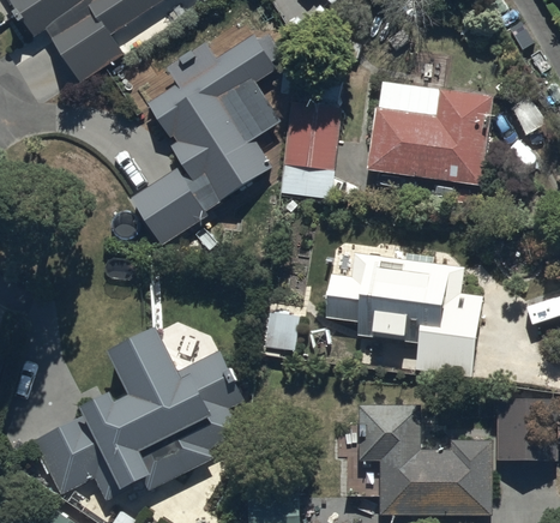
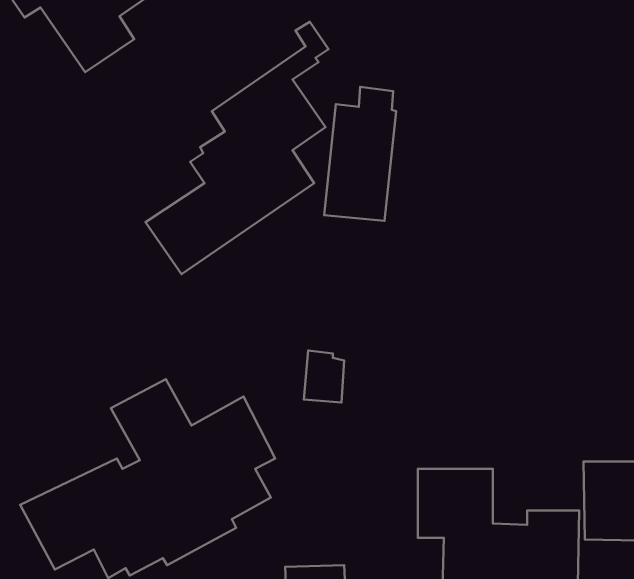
building: [363,82,492,188] -> none
building: [325,246,481,375] -> none

